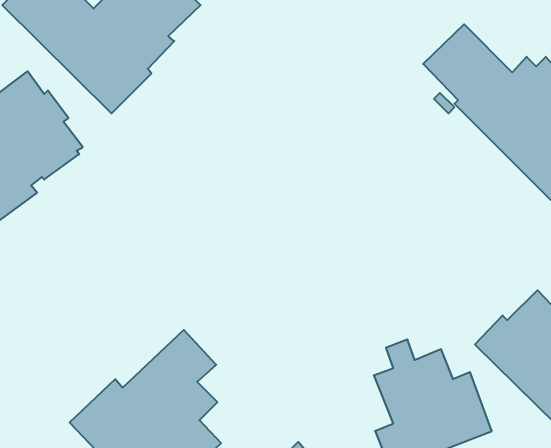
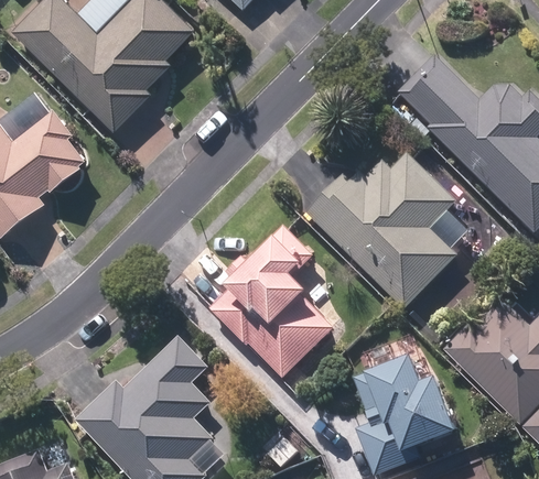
building: none -> [305,151,467,306]
building: none -> [209,226,333,377]

